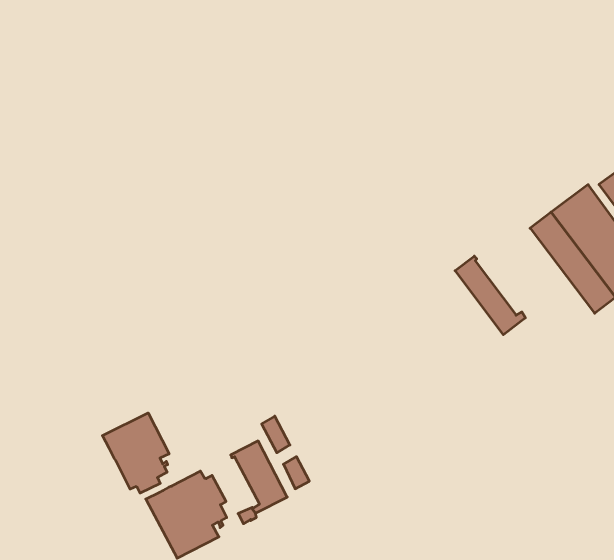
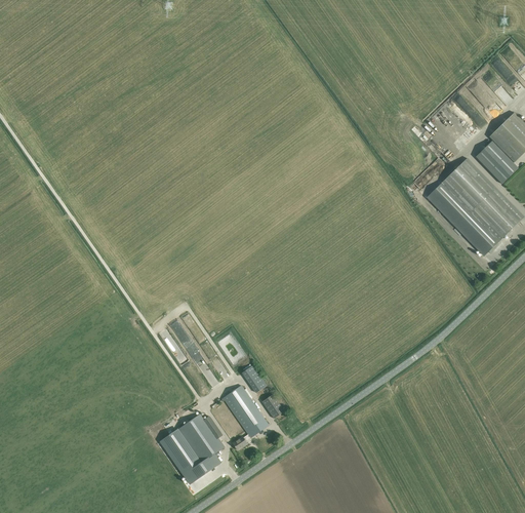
building: [455,256,525,335] -> none
building: [102,413,169,493] -> none

